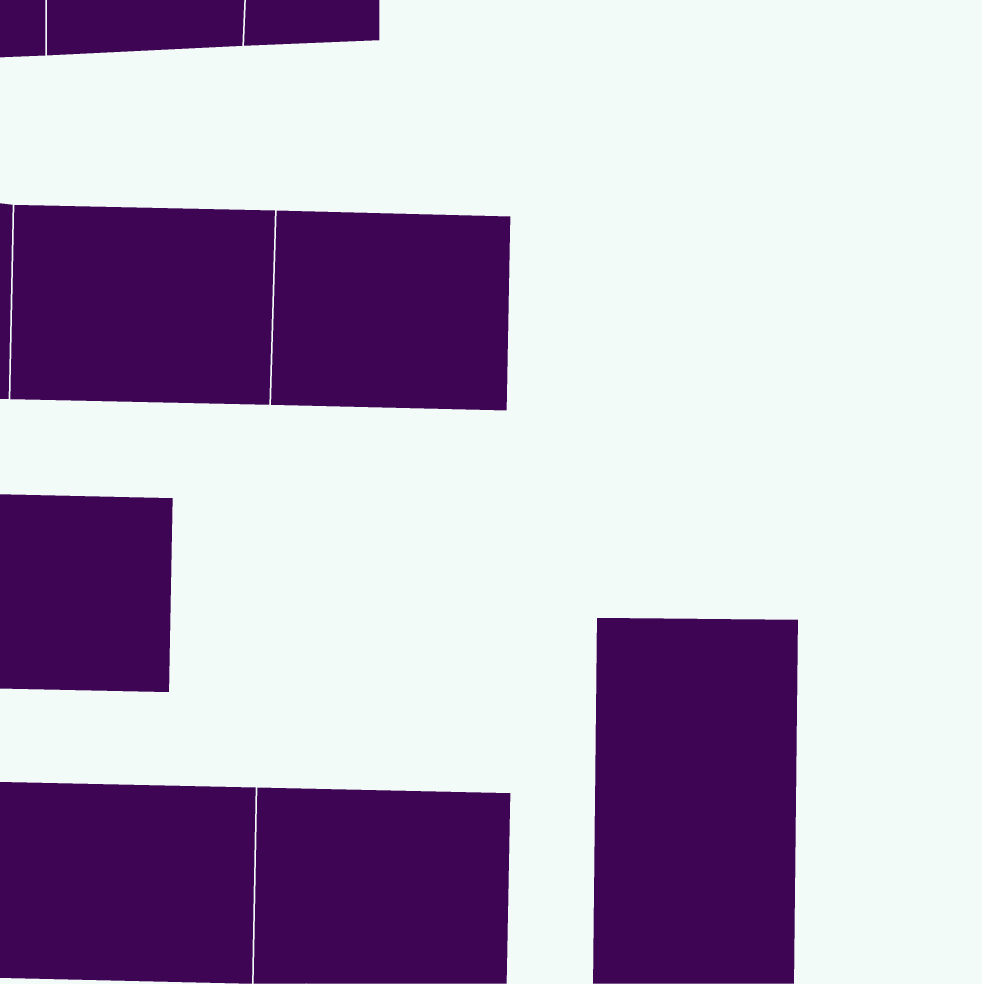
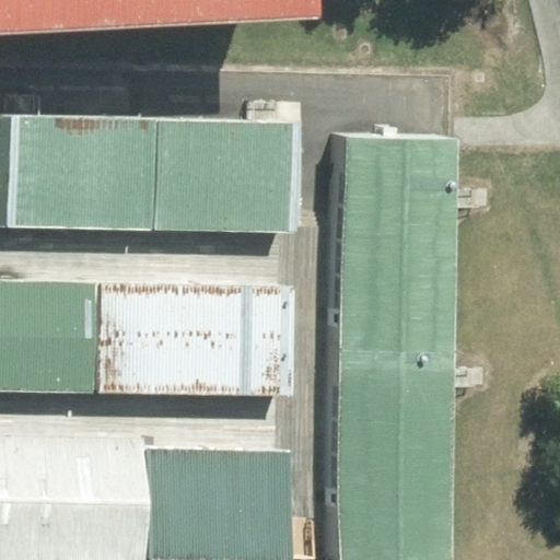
building: none -> [338,135,458,351]
building: none -> [96,282,295,395]

